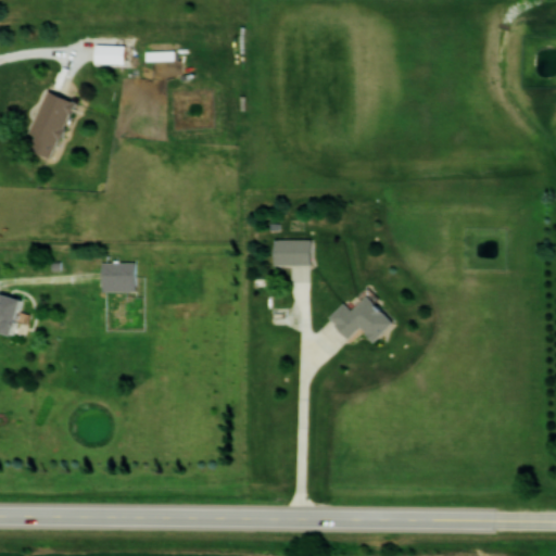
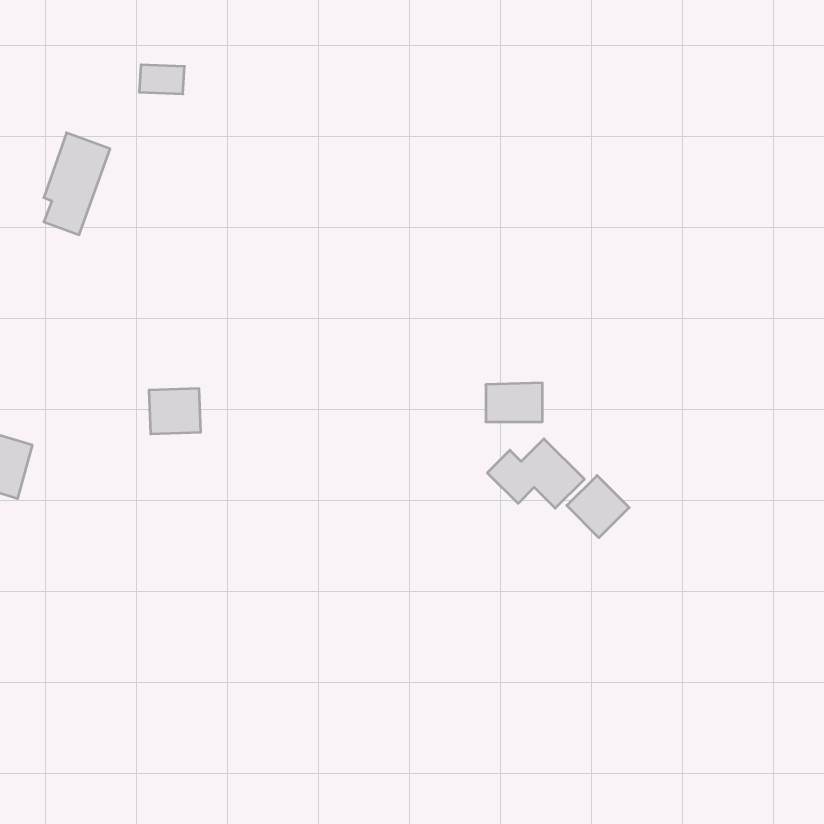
building: [273,240,311,266] -> [486,383,542,422]
building: none -> [567,475,629,538]

